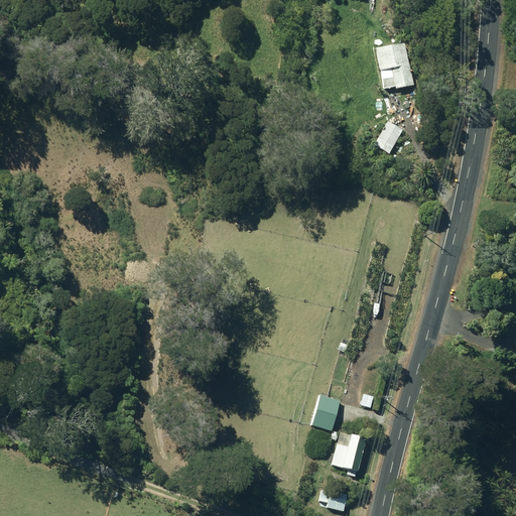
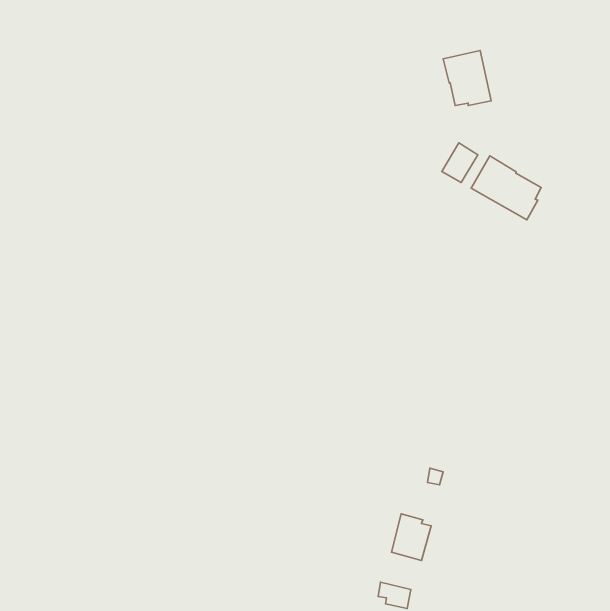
building: none -> [471,156,541,220]
building: [311,394,341,430] -> none

